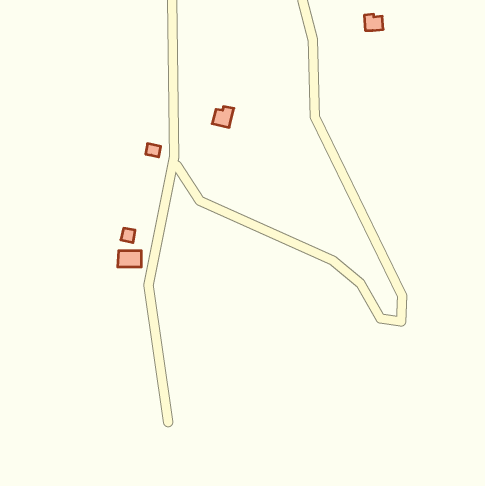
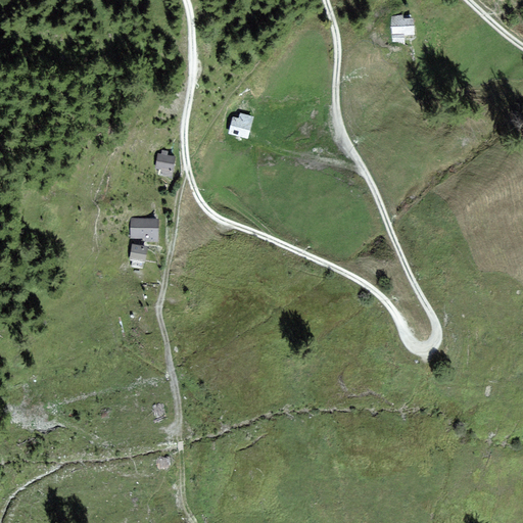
building: [118,251,141,267] -> [131,220,156,237]

